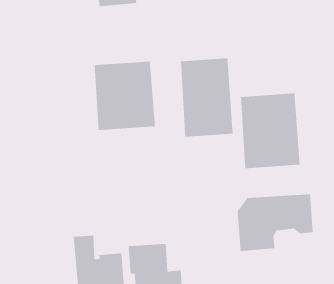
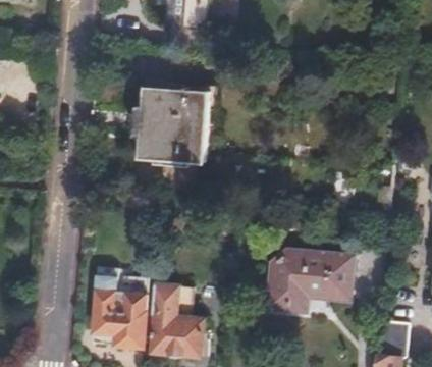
building: [181,58,233,137] -> none
building: [240,92,300,169] -> none

